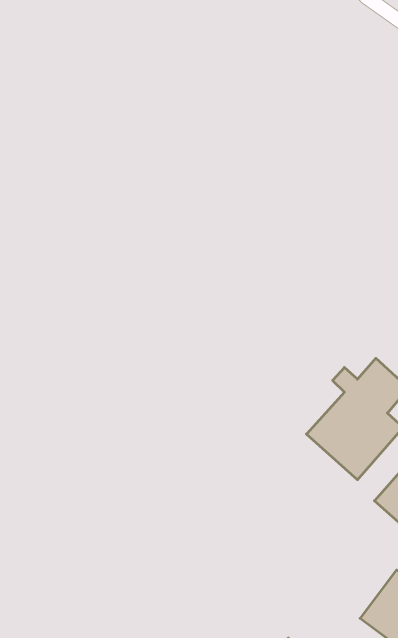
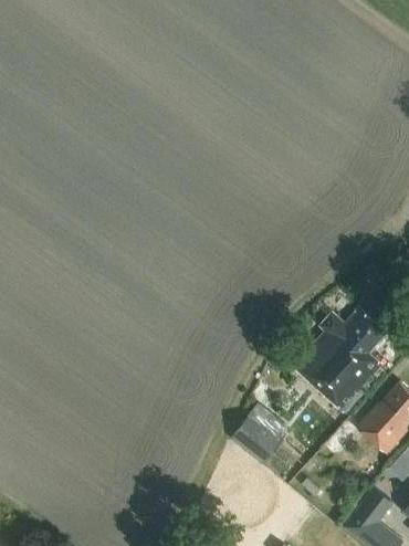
building: none -> [233,413,285,463]

